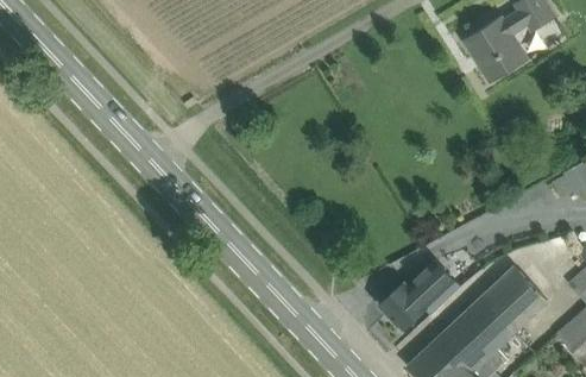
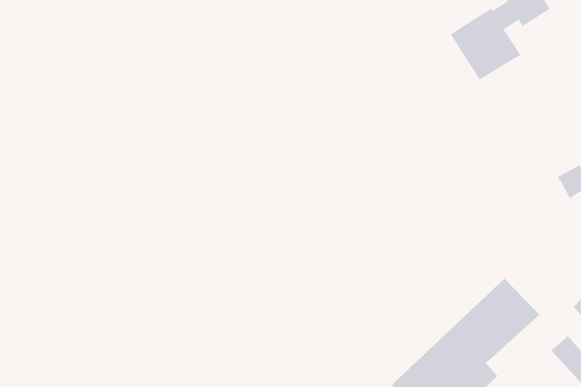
building: [379,262,460,328] -> none

